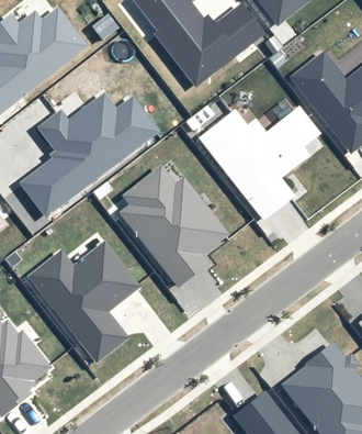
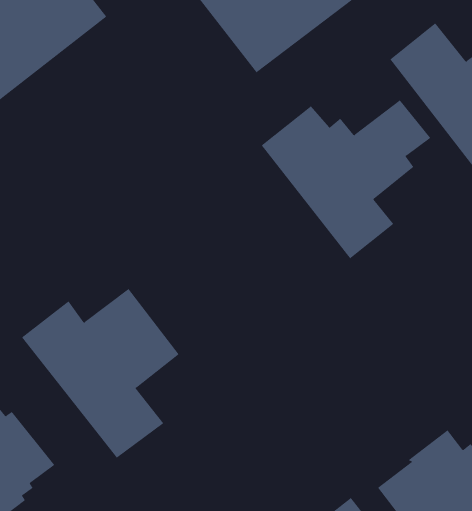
building: [19,91,160,218] -> none
building: [117,165,228,287] -> none

